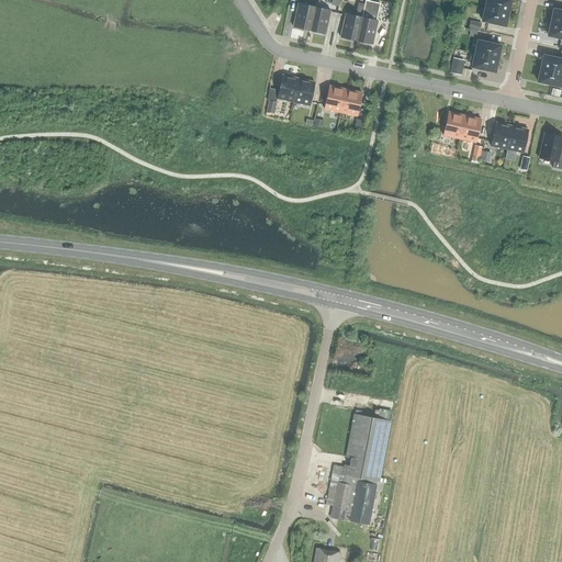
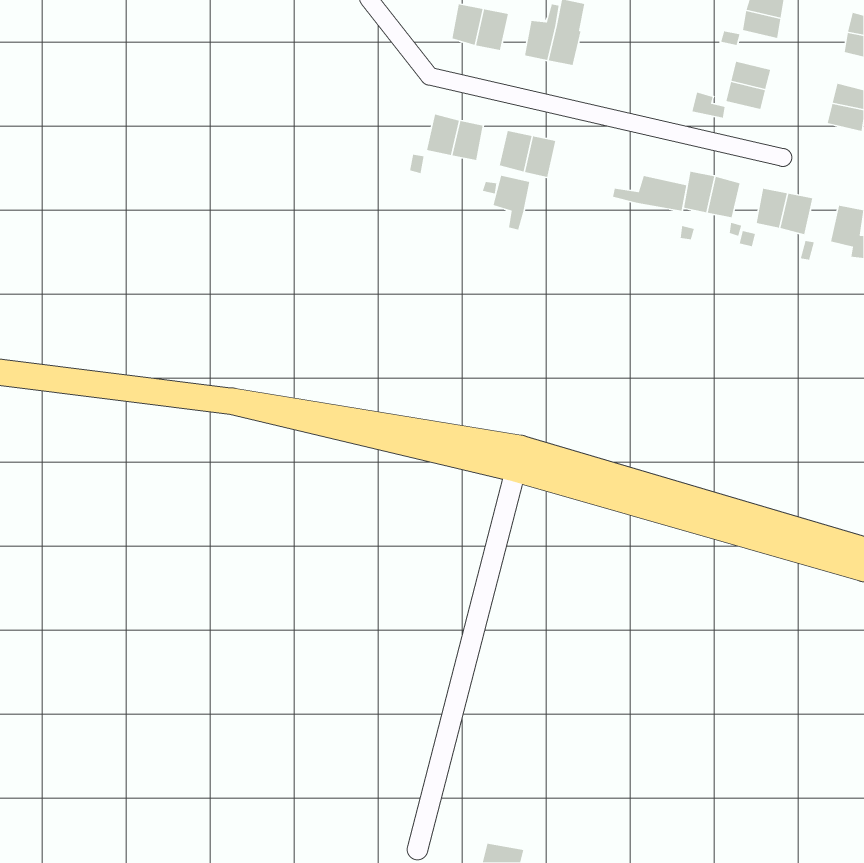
building: none -> [493,175,530,230]
building: none -> [612,175,687,211]
building: [331,413,391,524] -> none

